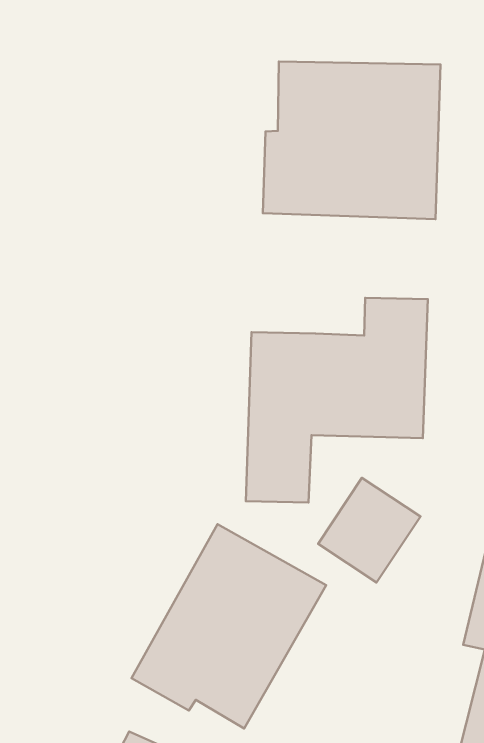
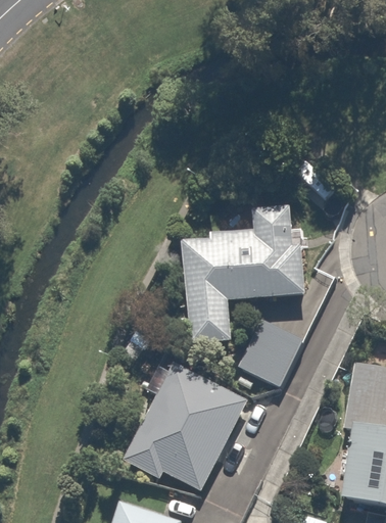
building: [263,61,441,219] -> none

